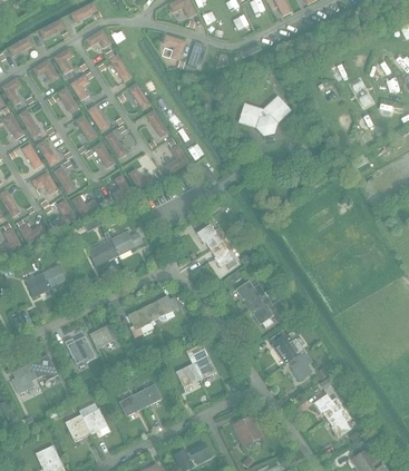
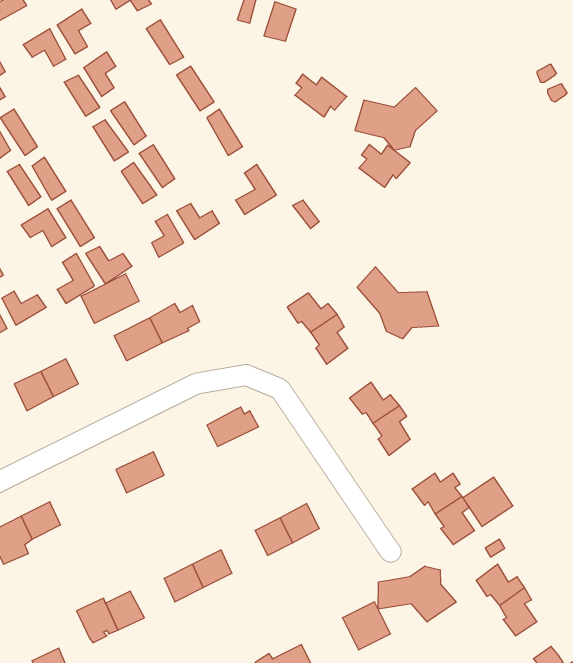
building: none -> [295,74,347,117]
building: none -> [359,144,410,187]
building: none -> [357,267,439,339]
building: none -> [81,274,139,323]
building: [128,306,153,337] -> none
building: [65,336,95,364] -> none
building: none -> [463,477,513,527]
building: none -> [378,566,456,622]

